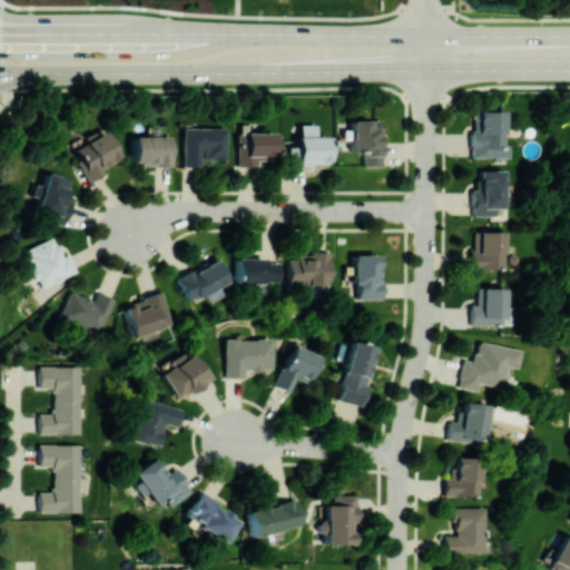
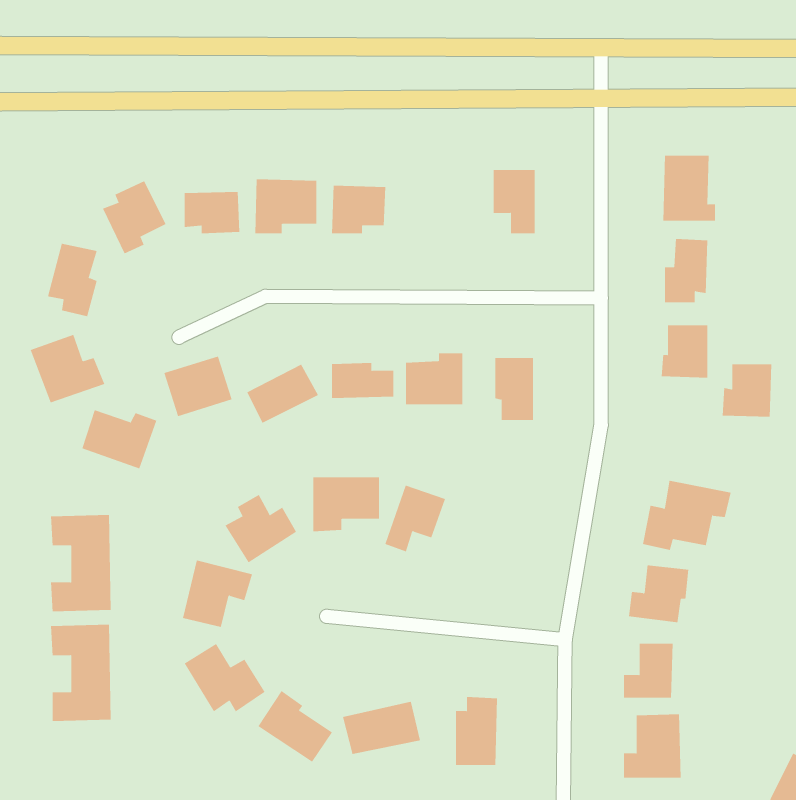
building: [292,125,332,165] -> none
building: [473,288,509,326] -> [722,364,772,417]
building: [126,294,175,337] -> [163,356,233,417]
building: [340,342,379,406] -> none

